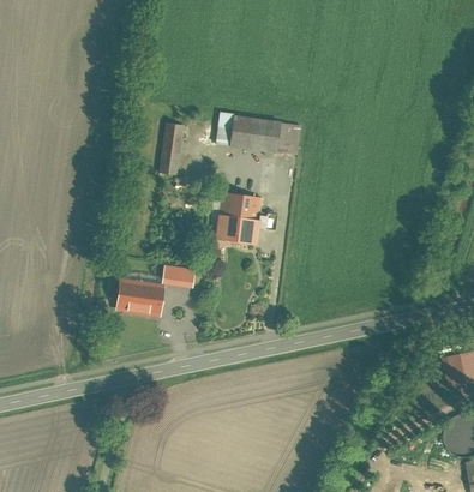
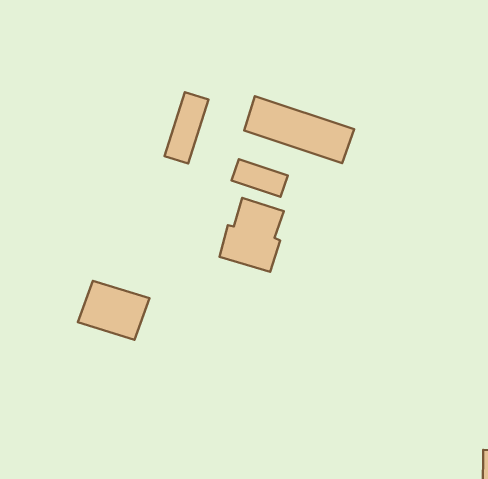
building: none -> [231,159,288,197]
building: [163,262,197,284] -> none

